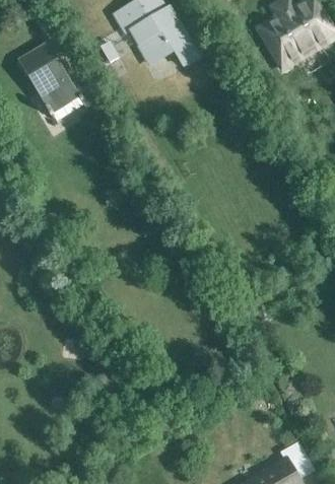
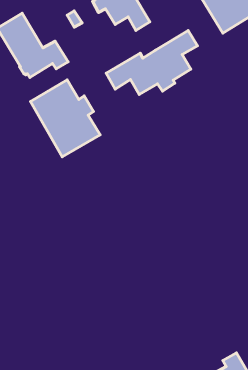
building: none -> [106,31,197,94]
building: none -> [30,80,100,157]

